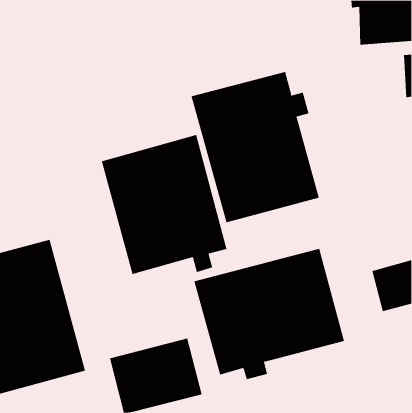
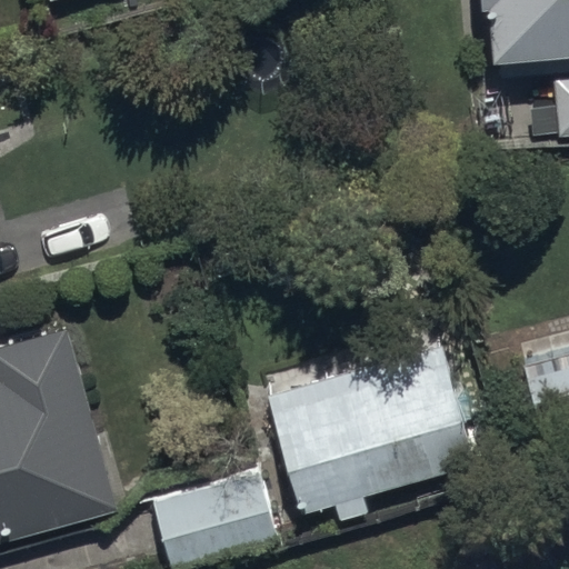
building: [191,71,320,223] -> none
building: [101,134,227,275] -> none

